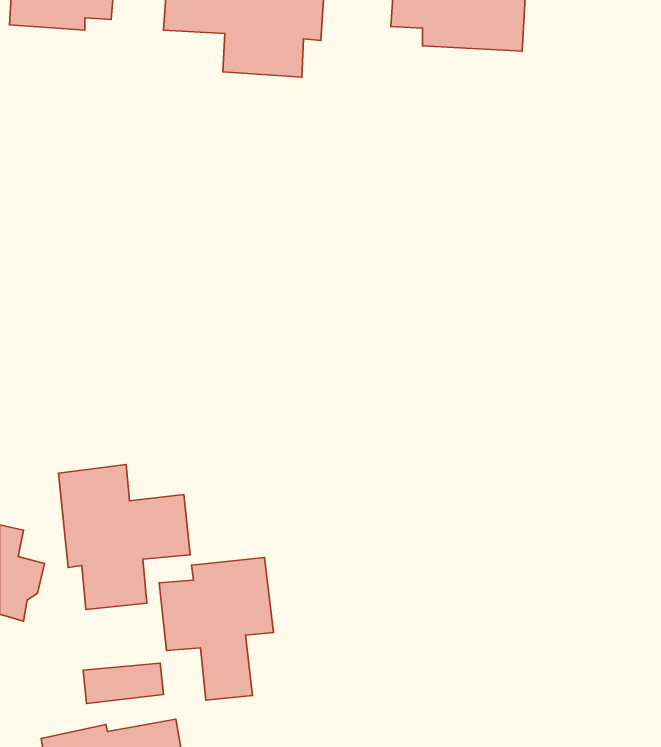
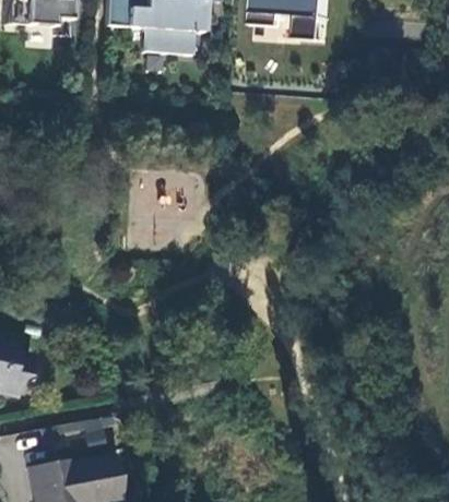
building: [58,465,190,610] -> none
building: [159,558,274,700] -> none

